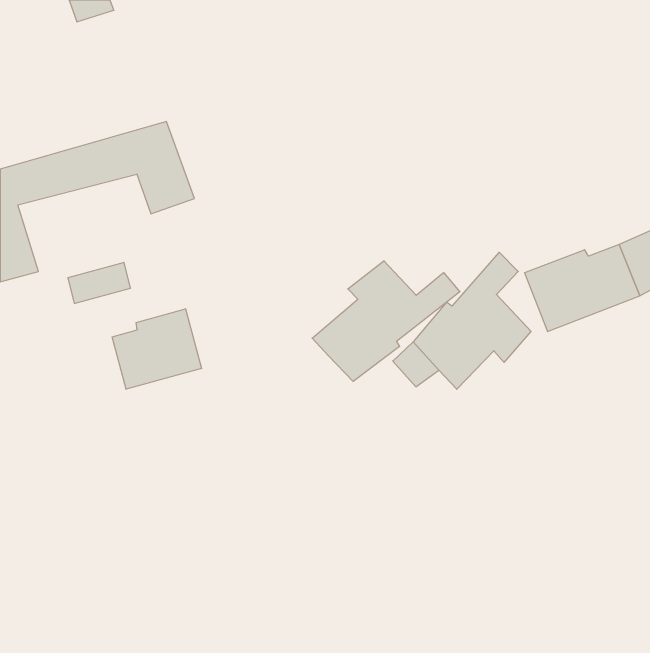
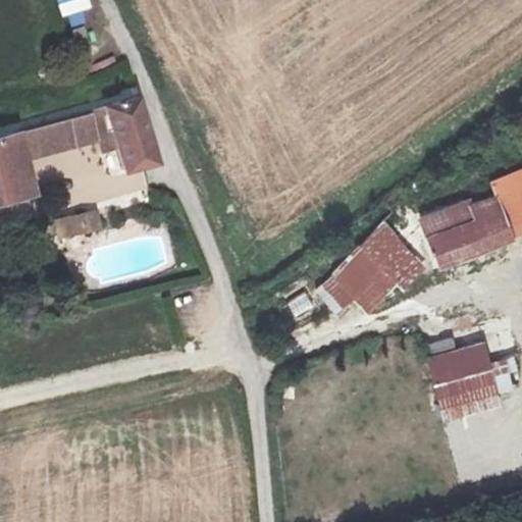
building: [312,261,460,381] -> none
building: [112,309,202,389] -> none
building: none -> [428,338,514,419]

